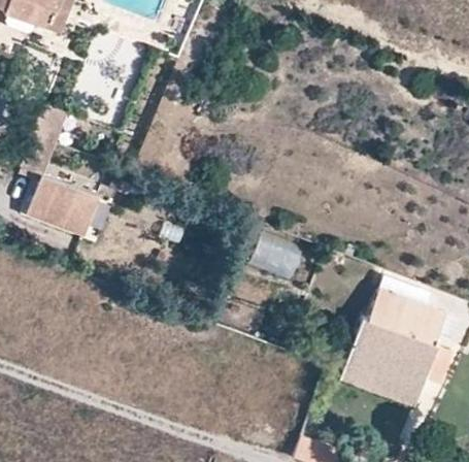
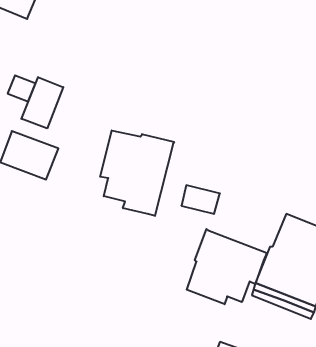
building: none -> [21,77,63,128]
building: none -> [100,130,174,216]
building: none -> [187,229,267,304]

